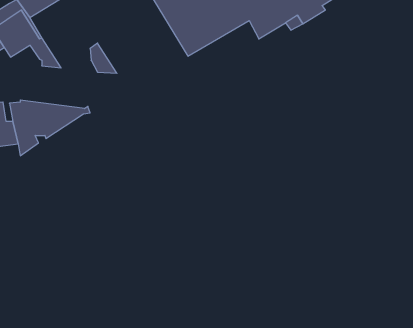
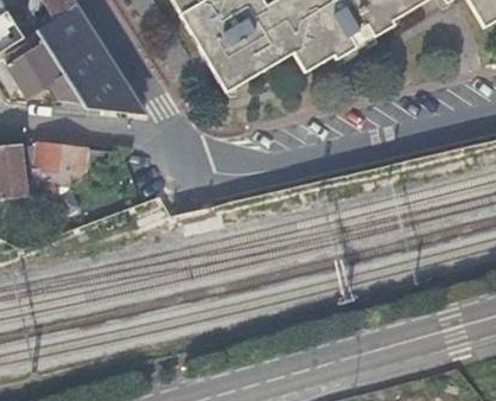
building: none -> [66,44,121,100]

